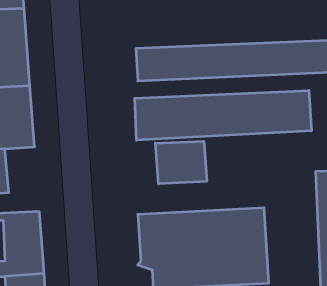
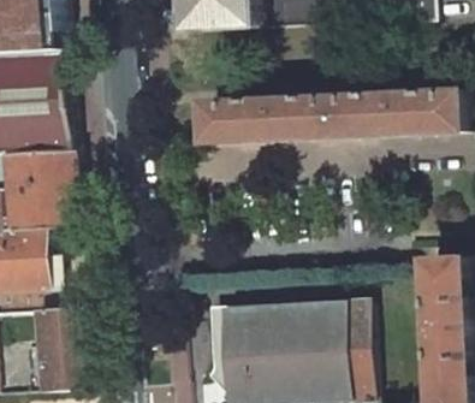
building: [135,90,311,140] -> none
building: [155,141,207,184] -> none

